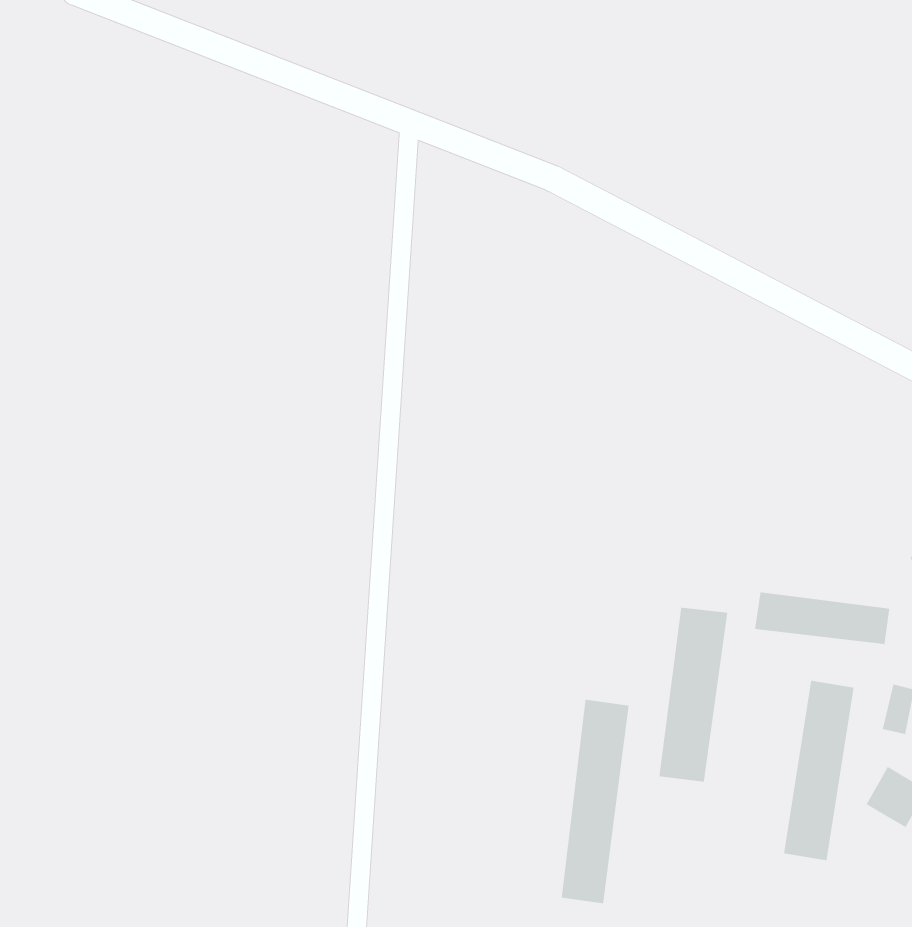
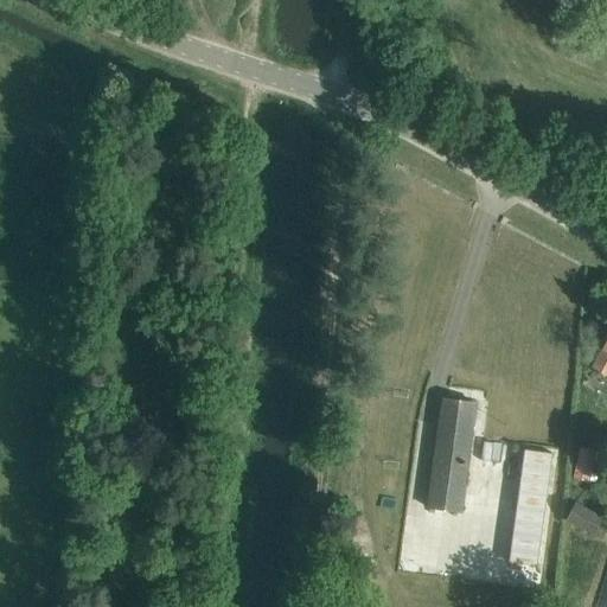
building: [754,591,890,645] -> none
building: [561,699,630,904] -> none

